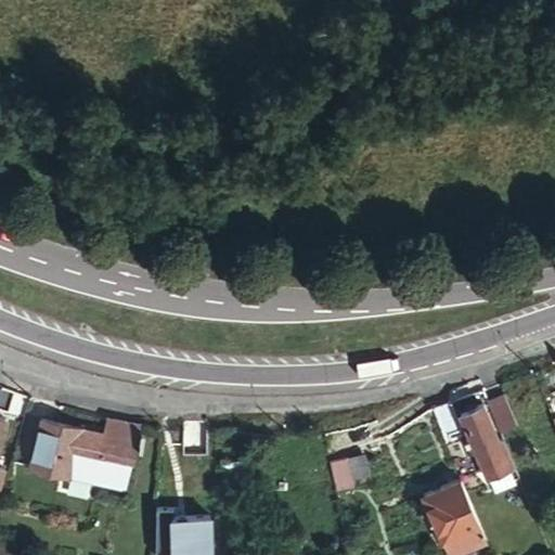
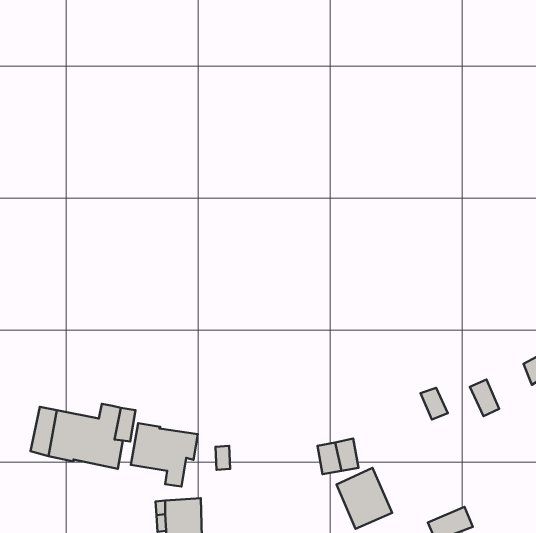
building: [460,406,508,480] -> none
building: none -> [131,423,198,486]
building: [423,480,480,543] -> [337,468,392,529]

